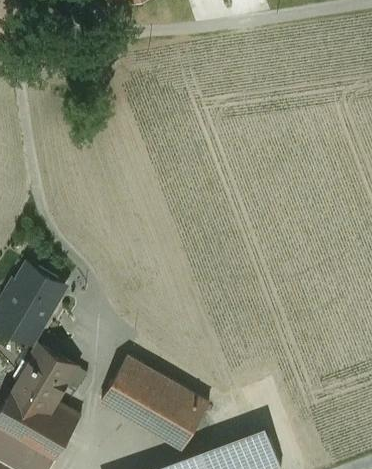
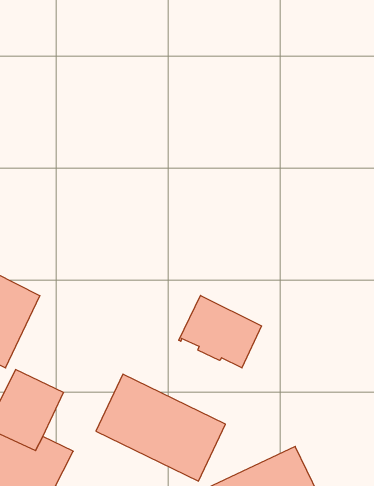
building: none -> [179,295,262,368]

